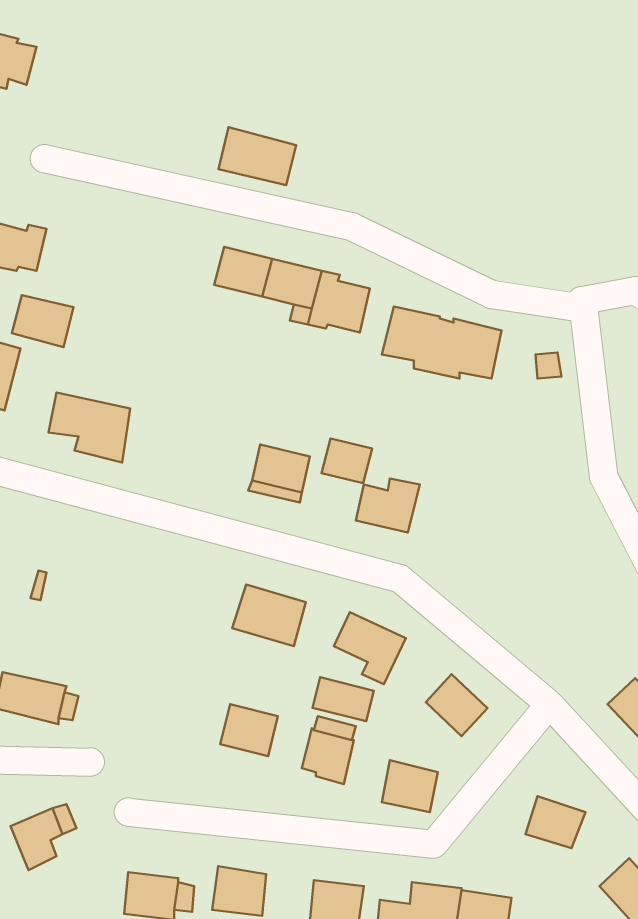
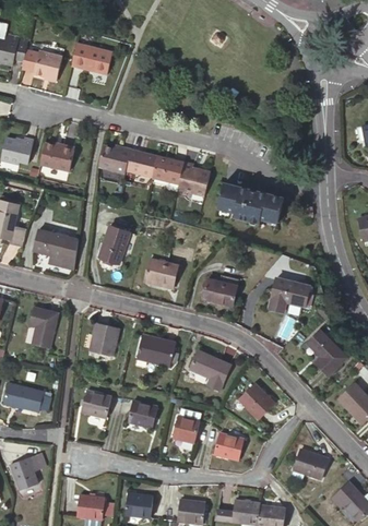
building: none -> [34,51,61,79]
building: [218,127,296,185] -> [71,44,114,75]
building: none -> [97,146,130,172]
building: [12,295,74,347] -> [39,143,73,171]
building: none -> [99,226,127,262]
building: [322,439,372,483] -> none
building: none -> [264,277,306,311]
building: none -> [29,307,58,347]
building: none -> [87,319,117,354]
building: none -> [308,331,346,374]
building: [312,677,374,721] -> none
building: none -> [78,386,110,416]

